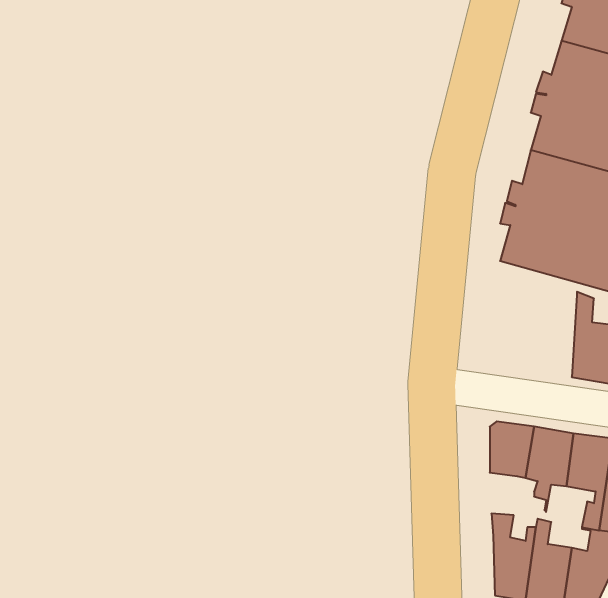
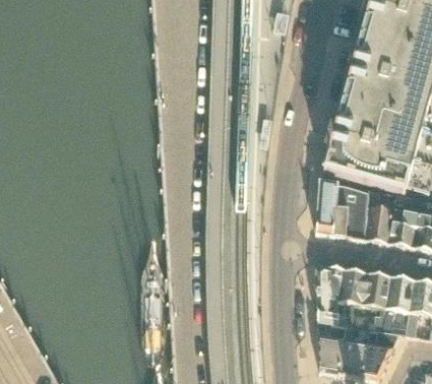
building: none -> [317,179,370,238]
building: none -> [318,295,352,323]

